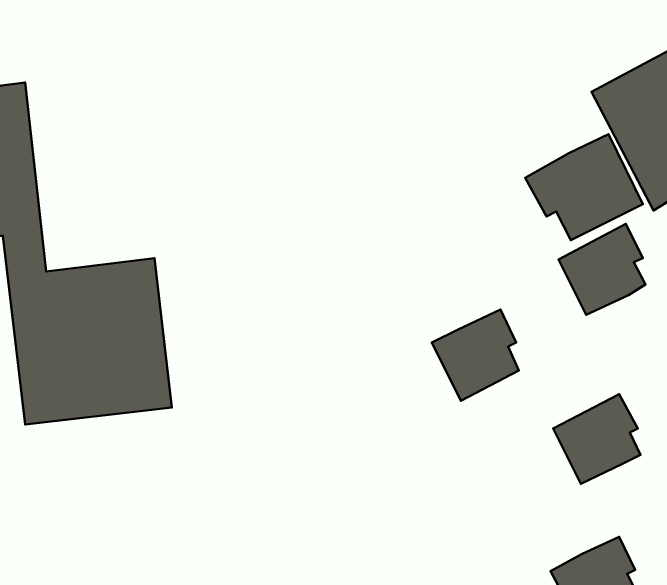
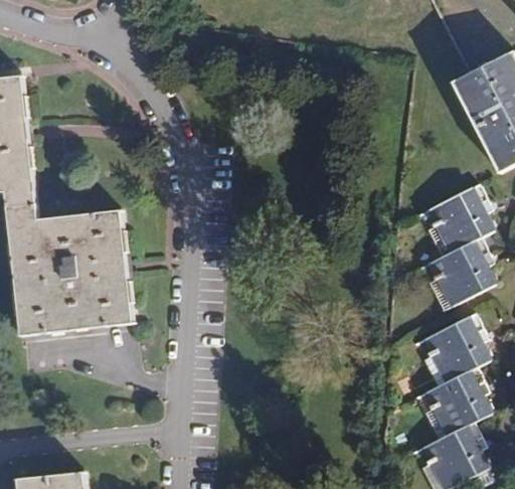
building: [525,134,643,240] -> none
building: [432,310,519,401] -> [428,237,495,307]
building: none -> [424,366,490,435]

